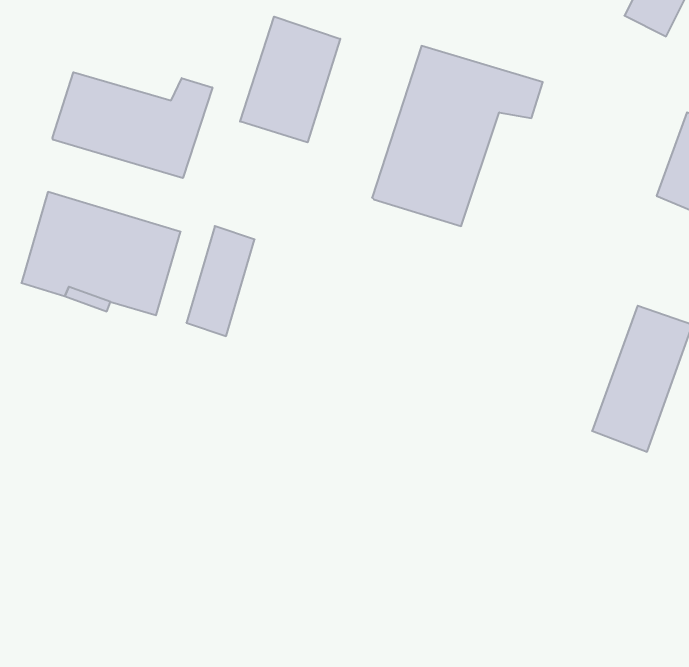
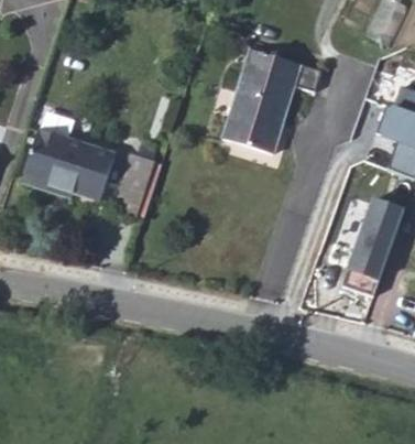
building: [240,17,340,142] -> none
building: [53,72,212,178] -> none

